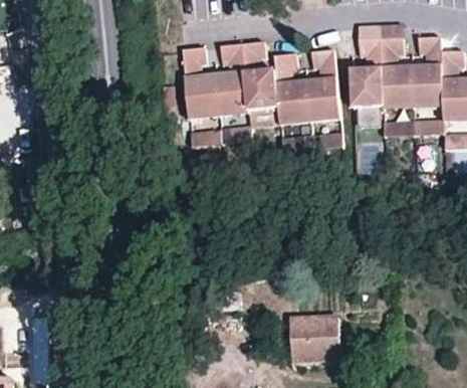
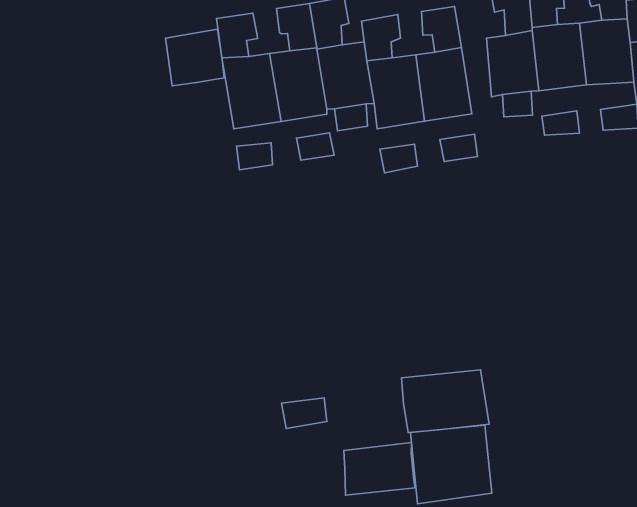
building: none -> [166,29,224,86]
building: none -> [401,370,489,432]
building: none -> [344,442,415,495]

